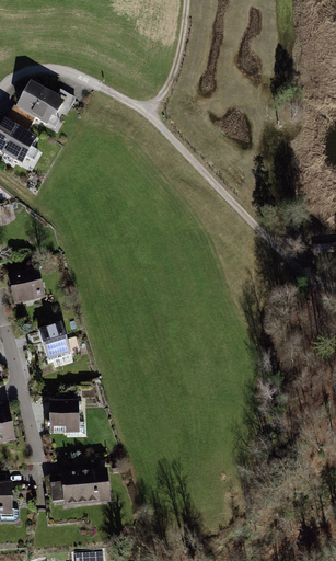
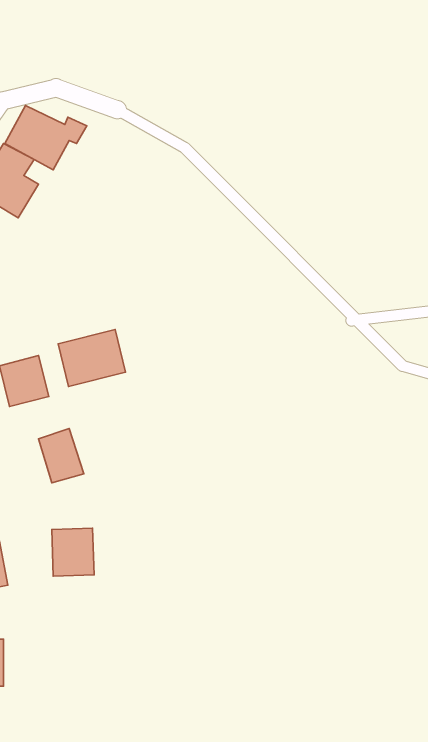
building: none -> [58,329,126,387]
building: [48,468,109,507] -> none

